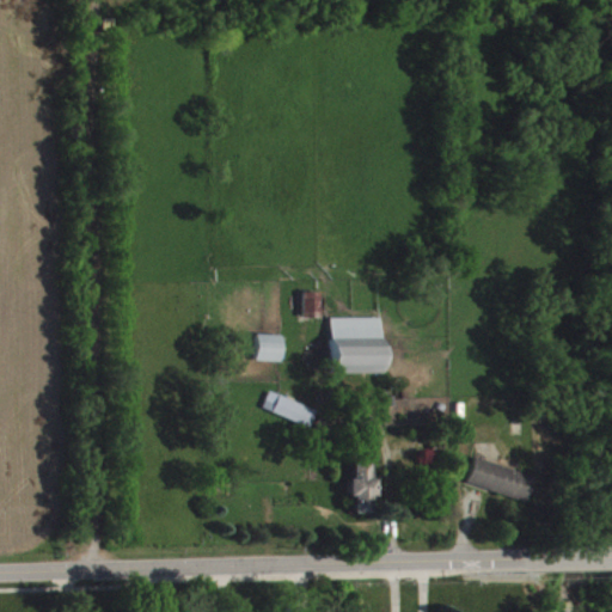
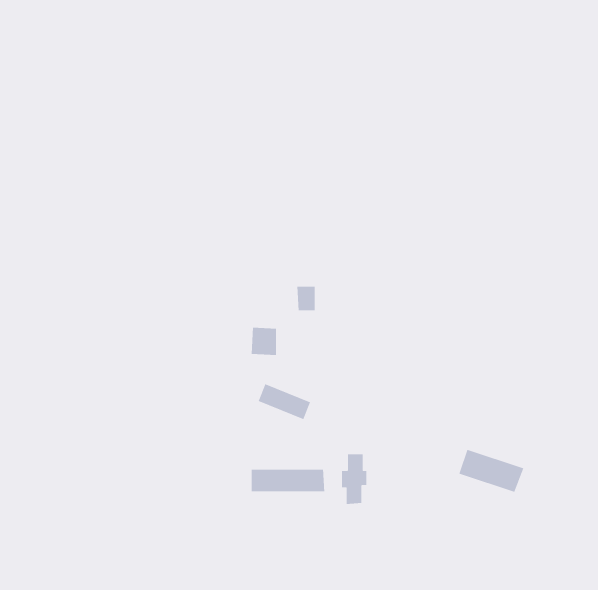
building: [332,318,384,374] -> none
building: none -> [251,469,325,492]

